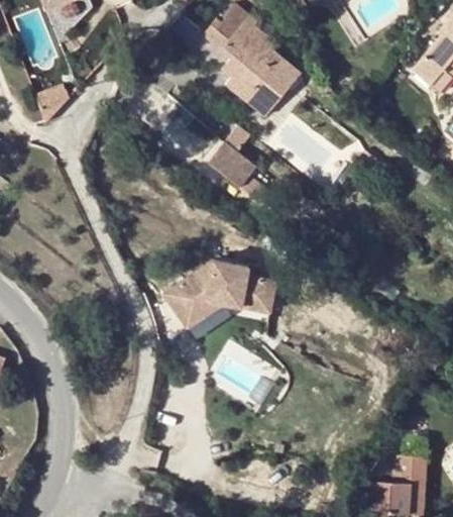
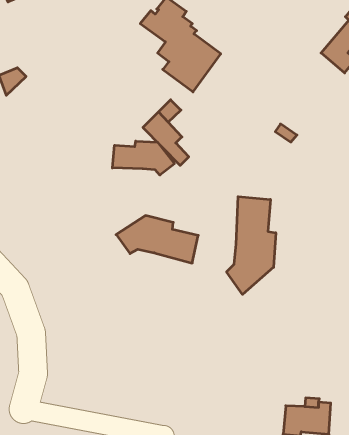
building: none -> [112,141,174,175]
building: none -> [227,197,276,294]
building: [158,282,219,327] -> none

